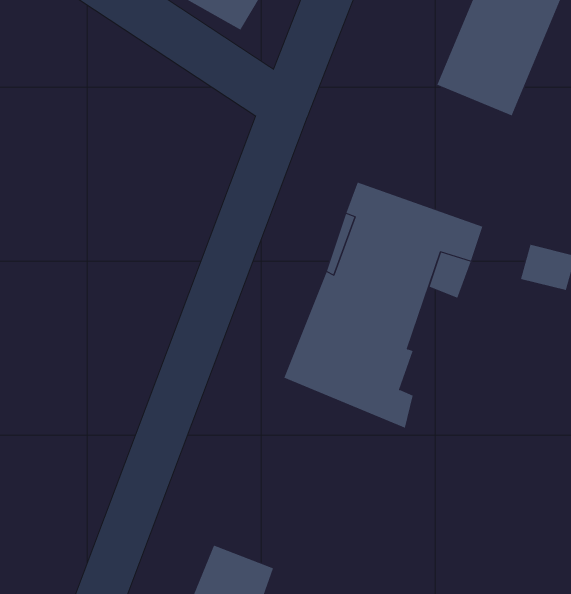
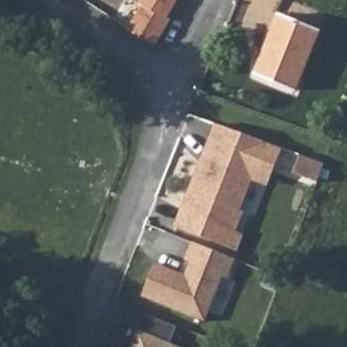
building: none -> [143,240,237,319]

